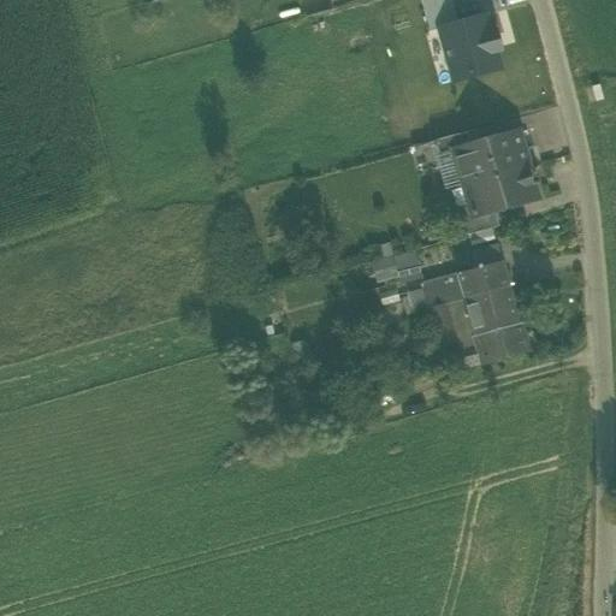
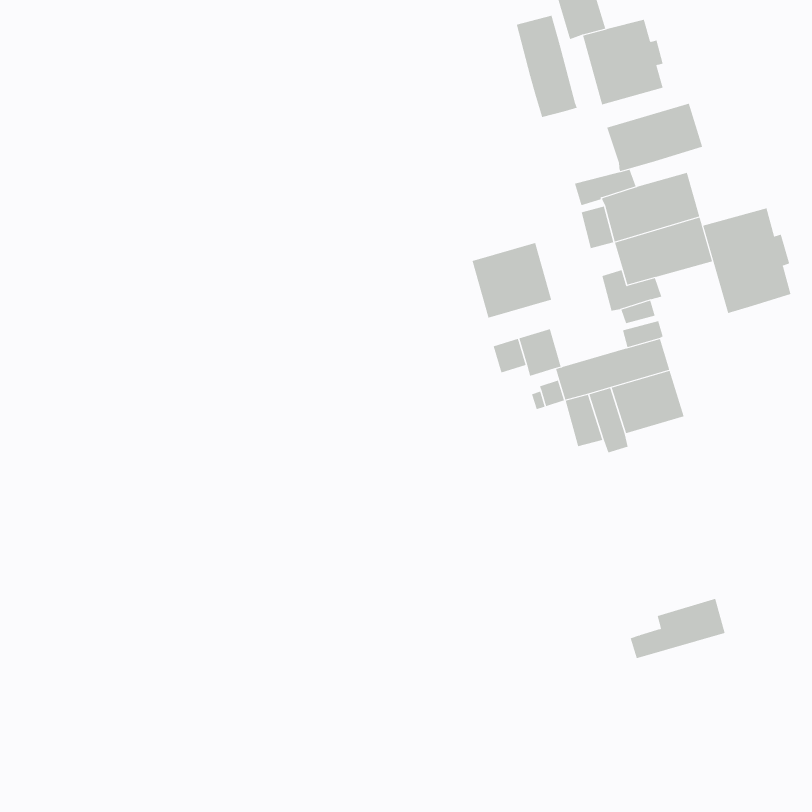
building: none -> [516,15,577,118]
building: none -> [606,103,703,172]
building: none -> [703,207,791,314]
building: none -> [472,242,552,319]
building: [454,314,526,360] -> [630,598,726,659]

